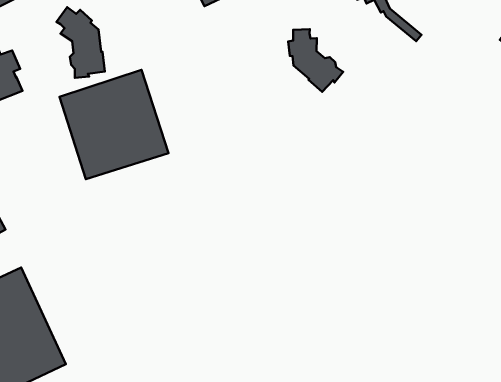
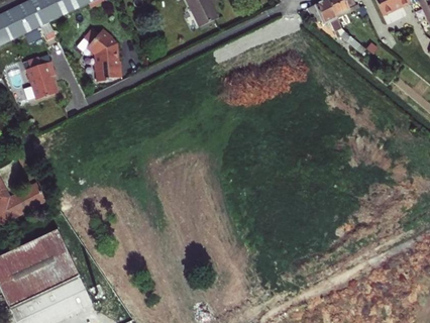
building: [288,29,343,92] -> none
building: [59,70,168,179] -> none

